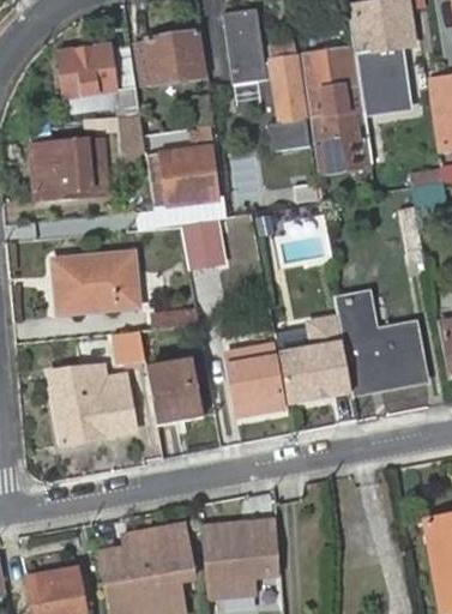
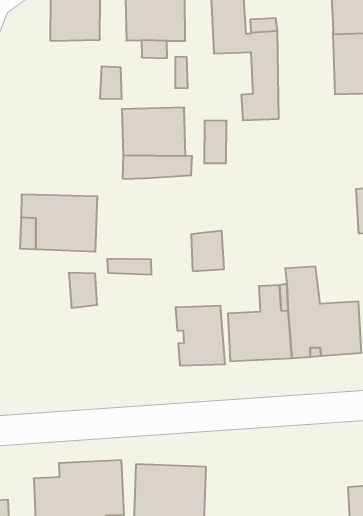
building: [300,48,373,170] -> none
building: [30,138,108,199] -> none
building: [183,222,222,267] -> [191,231,224,271]
building: [144,359,200,423] -> none
building: [50,365,135,443] -> none

